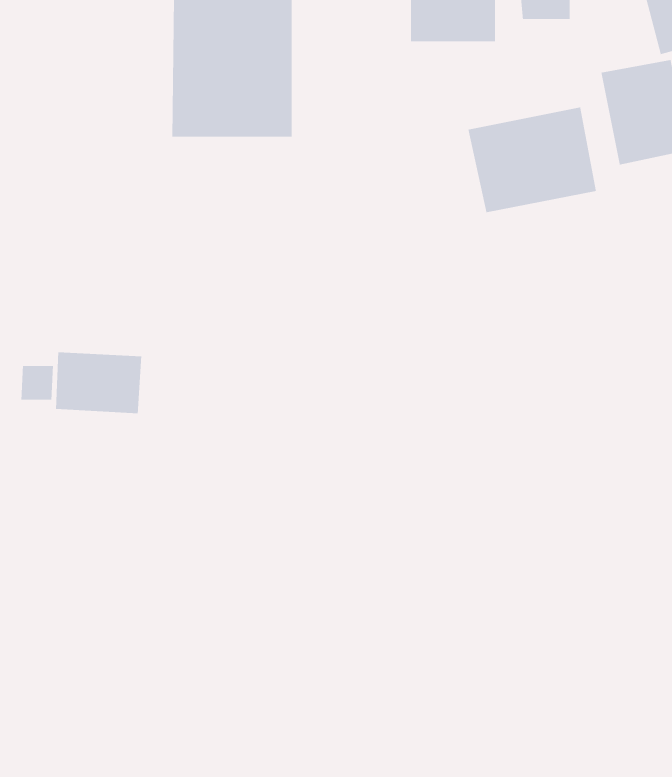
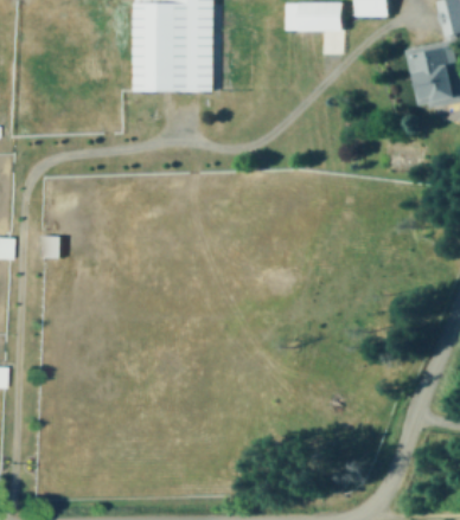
building: [468,107,597,213] -> none
building: [55,351,142,414] -> none

